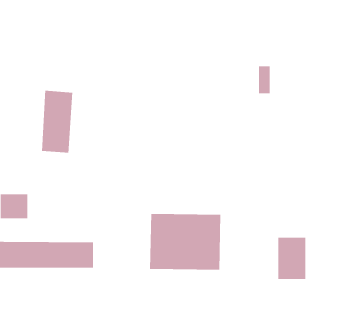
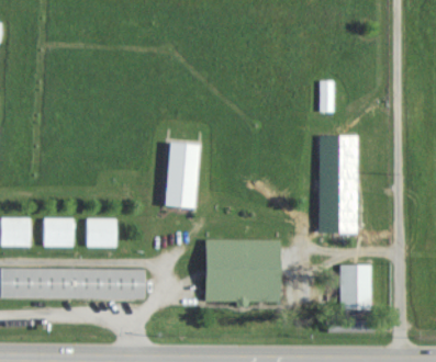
building: [41,90,73,154] -> [164,142,198,210]
building: none -> [317,135,357,234]
building: none -> [86,219,118,247]

